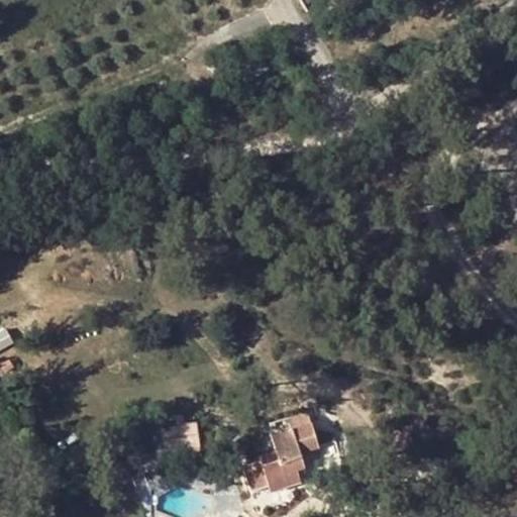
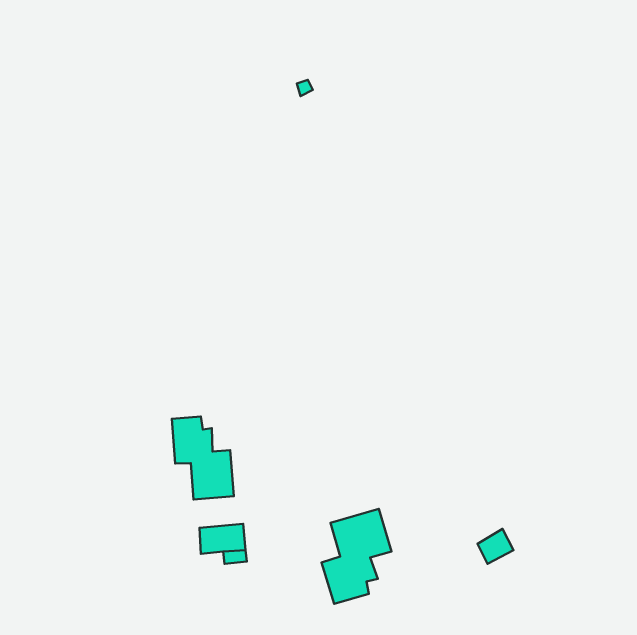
building: none -> [172,417,234,500]

